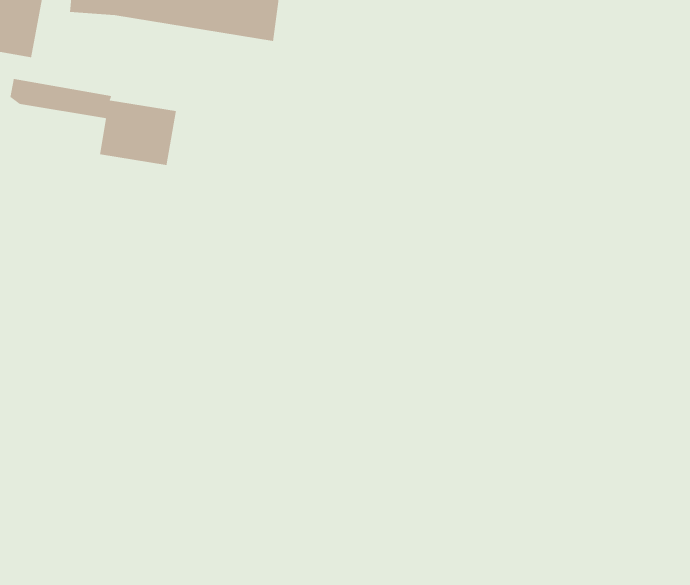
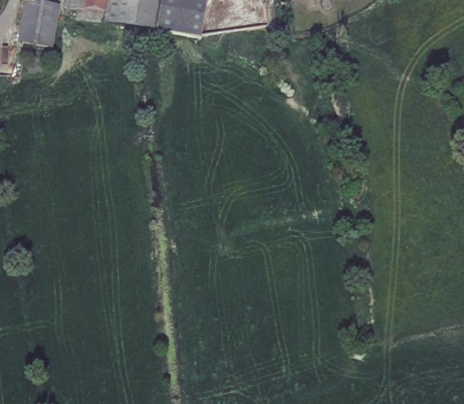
building: [10,78,176,166] -> none

